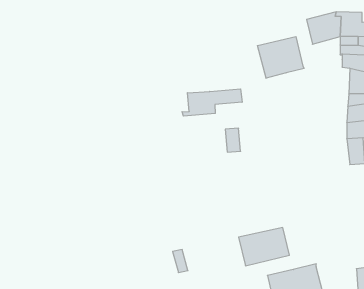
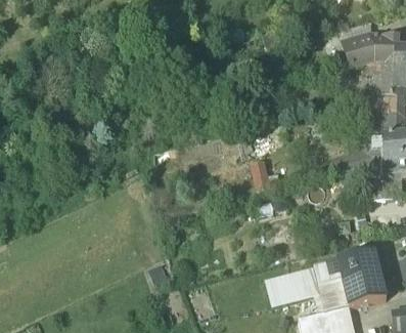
building: [257,37,304,78] -> none
building: [182,89,242,116] -> none
building: none -> [314,250,387,310]

